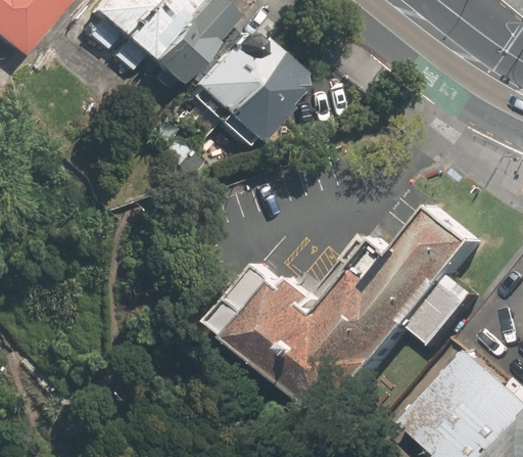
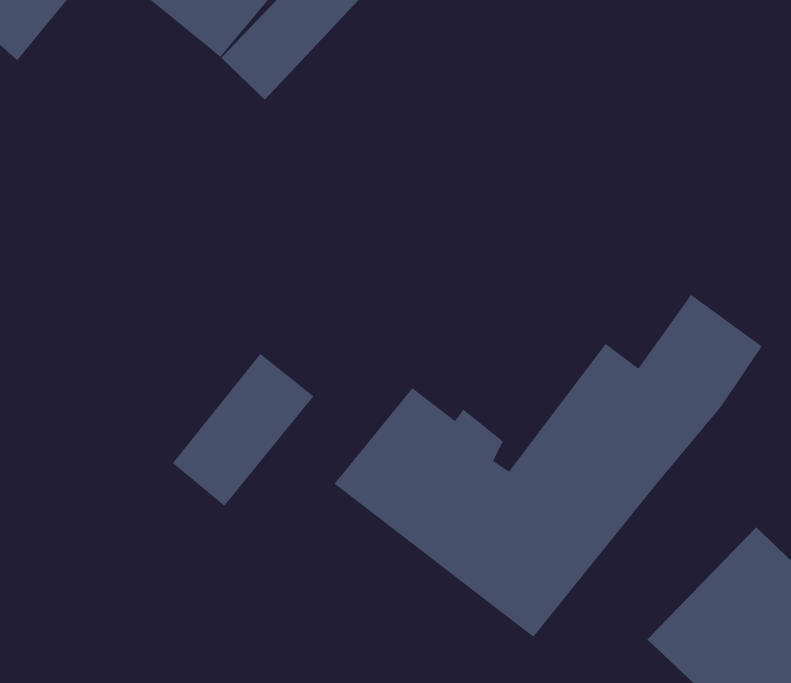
building: [189,31,306,147] -> none
building: none -> [172,353,315,507]

